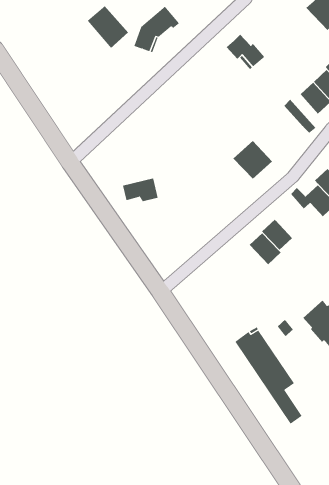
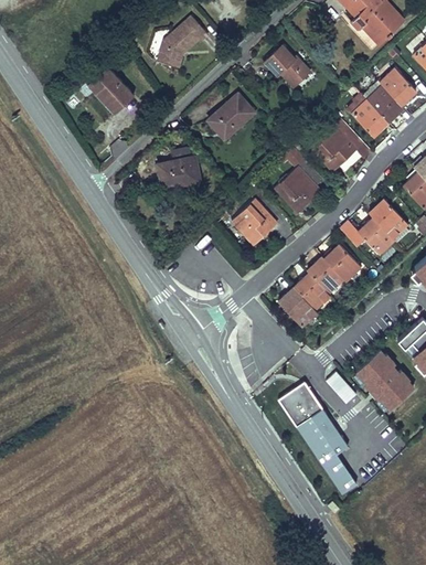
building: [87,6,129,49] -> [85,58,134,108]
building: none -> [205,92,254,135]
building: none -> [310,127,355,172]
building: none -> [232,200,278,245]
building: [122,178,158,202] -> [157,153,199,181]
building: none -> [324,245,361,281]
building: none -> [279,287,318,327]

